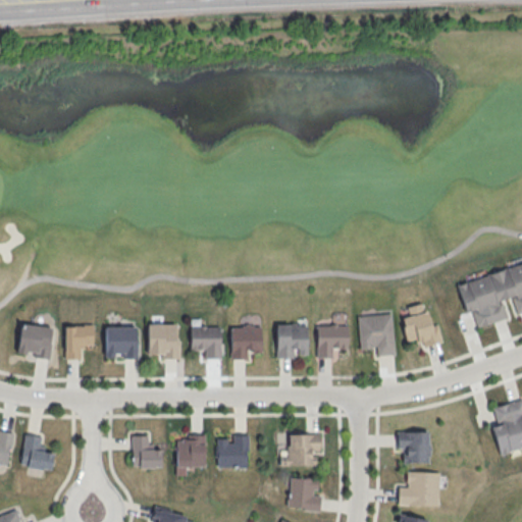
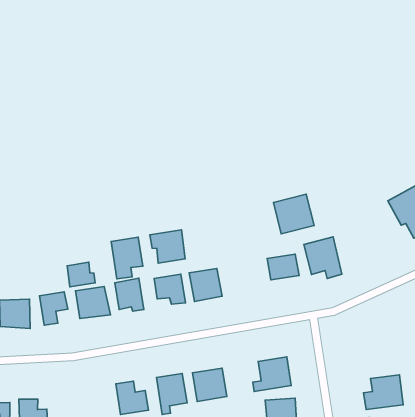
building: none -> [273,194,314,234]
building: none -> [150,230,185,263]
building: none -> [111,237,143,279]
building: none -> [67,262,95,287]
building: [403,312,435,345] -> none
building: [277,324,308,358] -> none
building: [398,432,429,464] -> none

